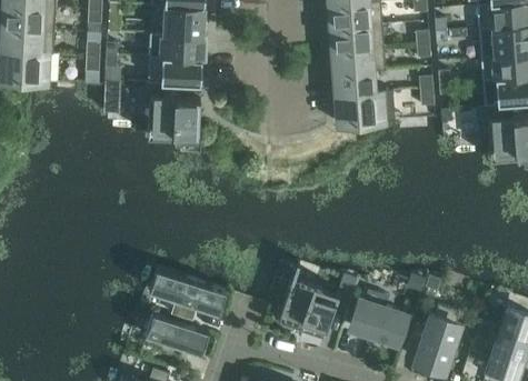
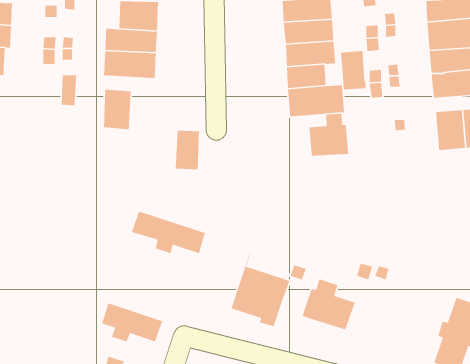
building: none -> [340,50,367,90]
building: [175,100,200,141] -> [175,130,200,170]
building: none -> [308,113,349,157]
building: [149,271,226,315] -> [131,211,206,254]
building: [415,308,459,372] -> none

